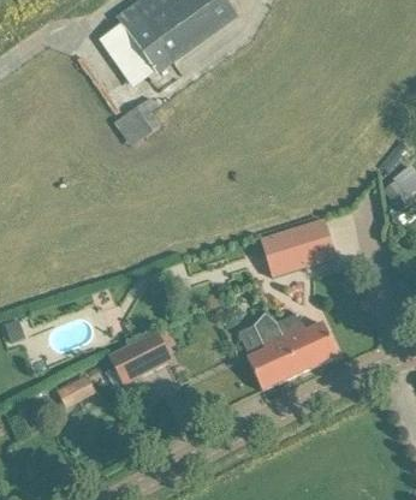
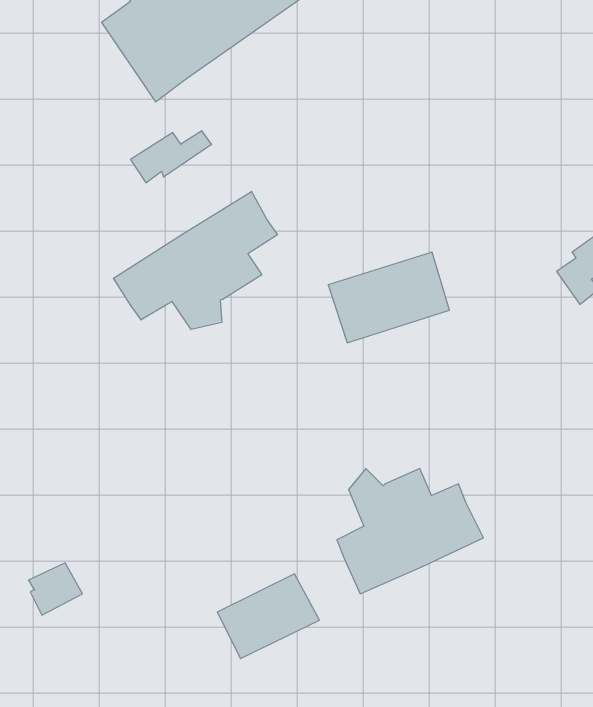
building: none -> [114,191,278,329]
building: [261,220,337,276] -> [328,252,449,343]
building: [109,331,173,383] -> [217,574,319,659]

